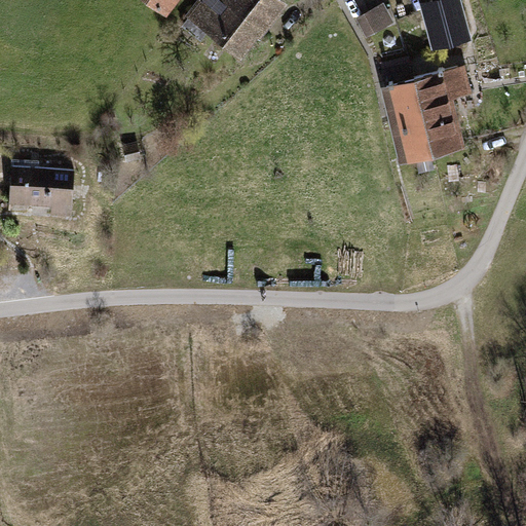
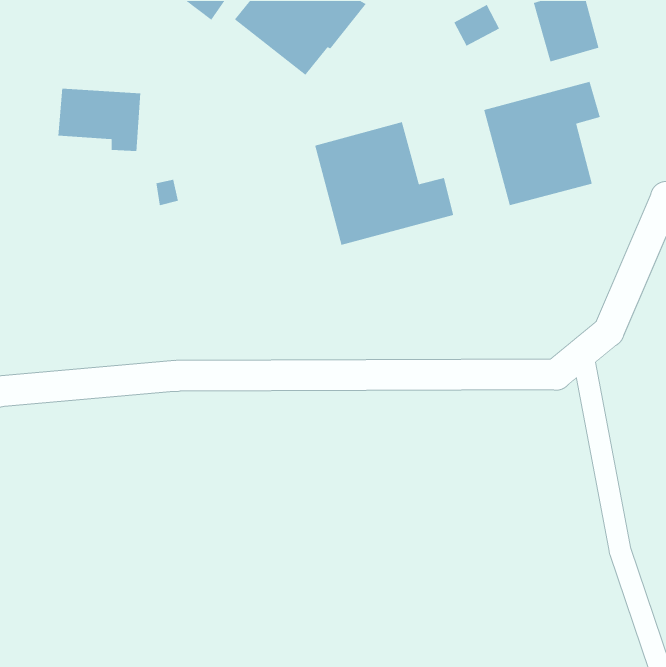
building: none -> [314,121,454,246]
building: [8,165,74,216] -> [57,88,141,152]

